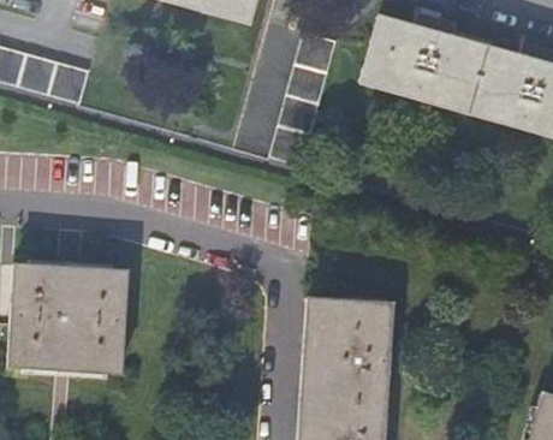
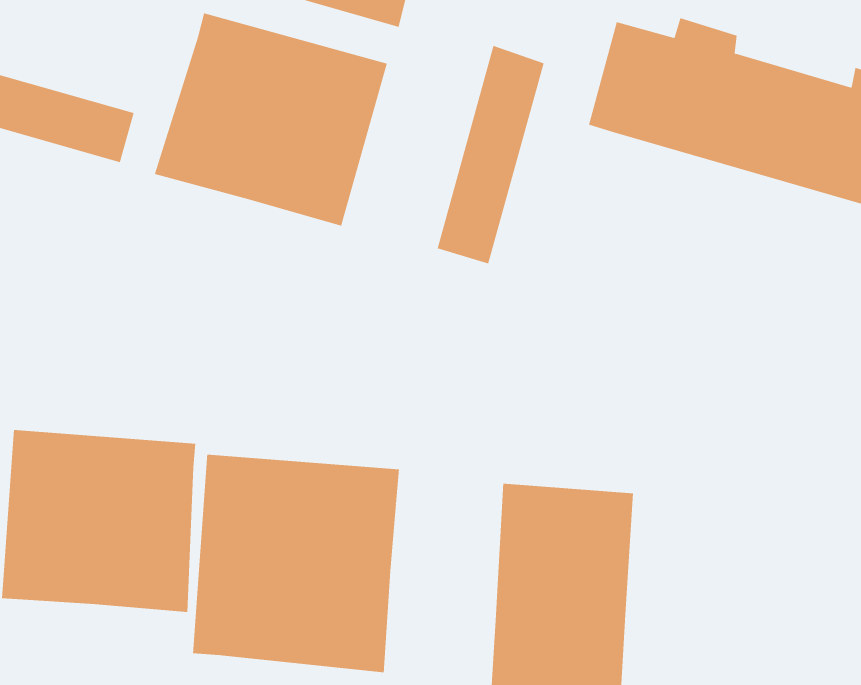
building: none -> [154,12,388,227]
building: none -> [192,454,399,673]

